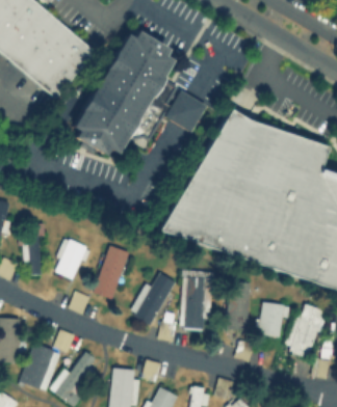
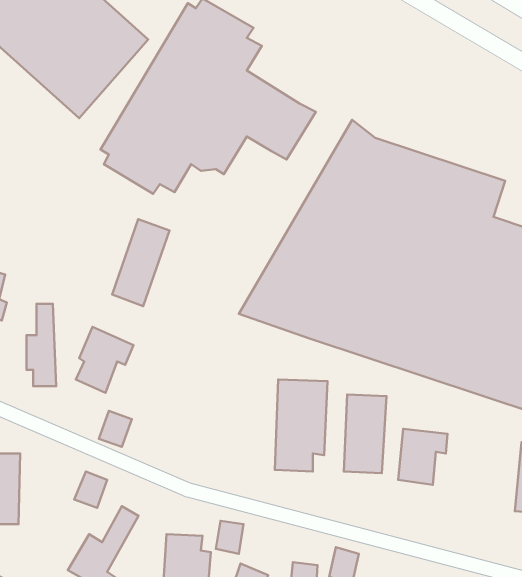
building: [93,245,129,300] -> [112,219,170,306]
building: [129,272,176,325] -> none
building: [291,304,325,358] -> none
building: [19,343,60,391] -> none

